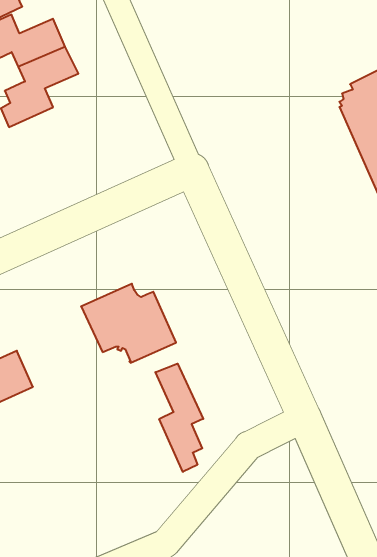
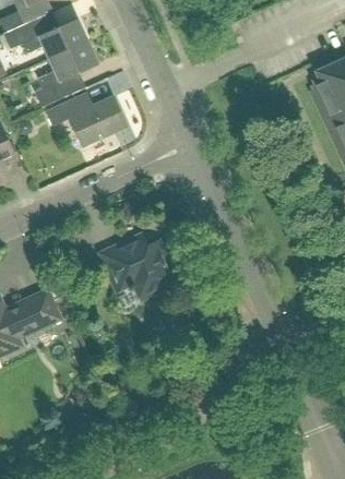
building: none -> [47,96,126,144]
building: [155,364,203,472] -> none

